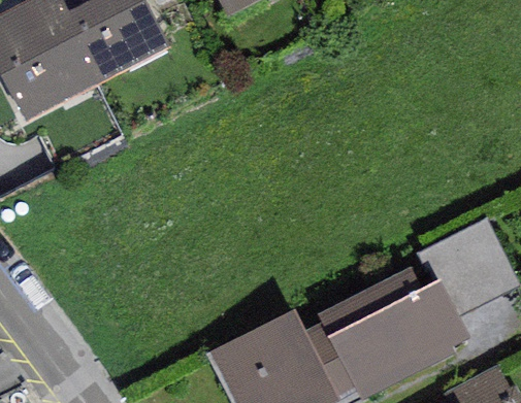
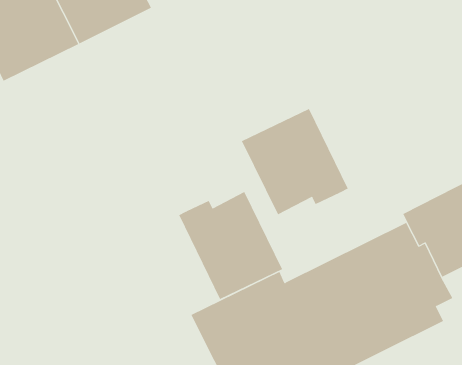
building: none -> [241,108,348,215]
building: none -> [178,191,283,300]

